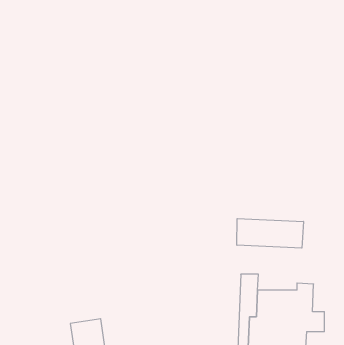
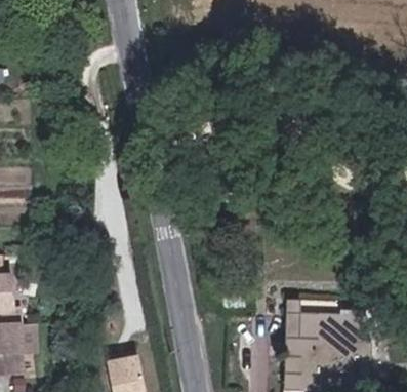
building: [237,219,303,248] -> none

